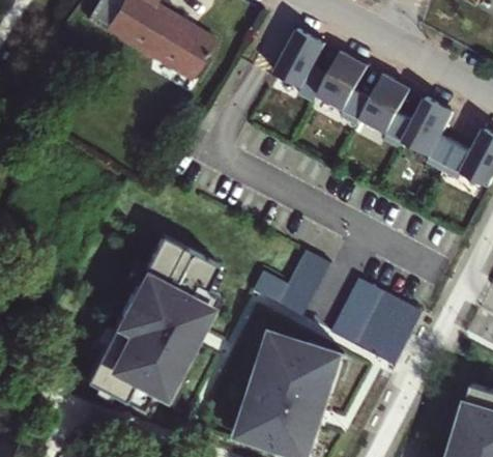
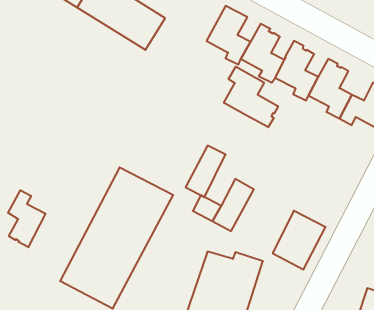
building: none -> [224,67,278,127]
building: none -> [8,190,46,247]
building: [330,277,381,342] -> [186,146,226,197]

